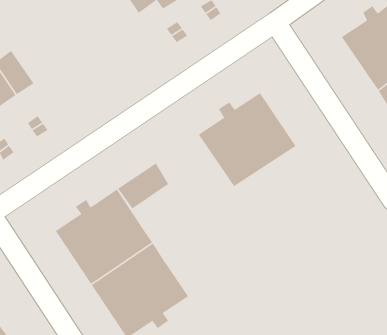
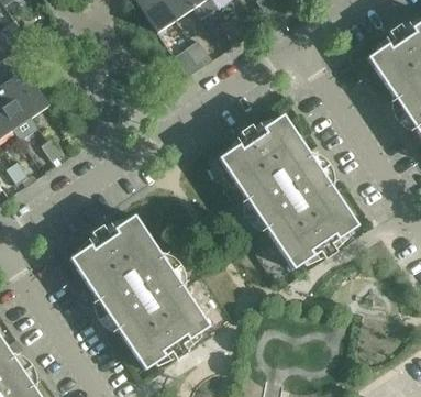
building: none -> [256,169,358,268]
building: [117,163,169,209] -> none

